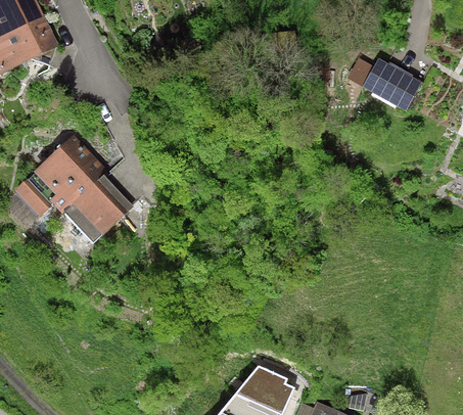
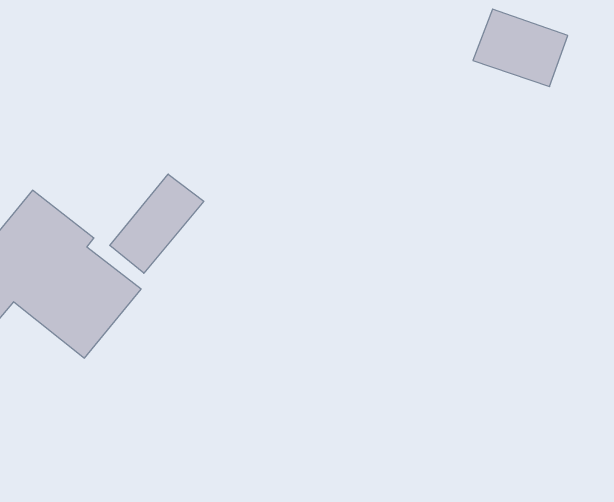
building: none -> [110,174,204,273]

